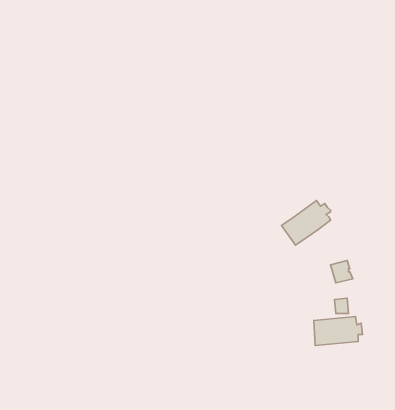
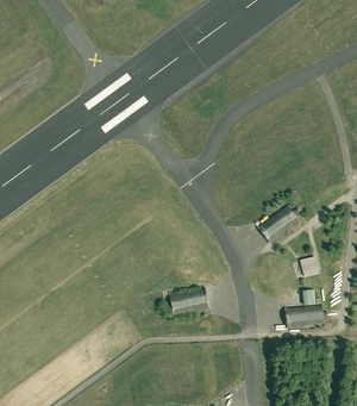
building: none -> [165,287,208,316]

